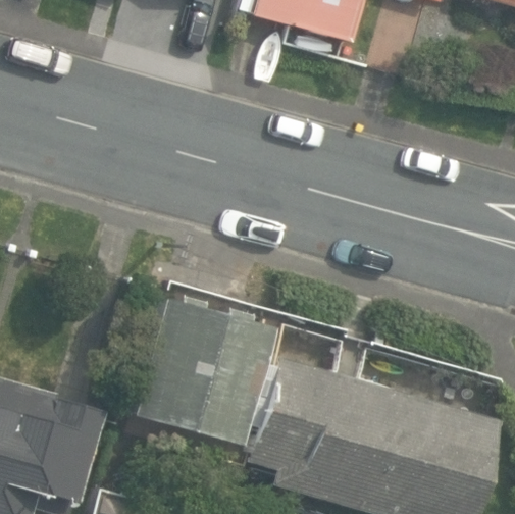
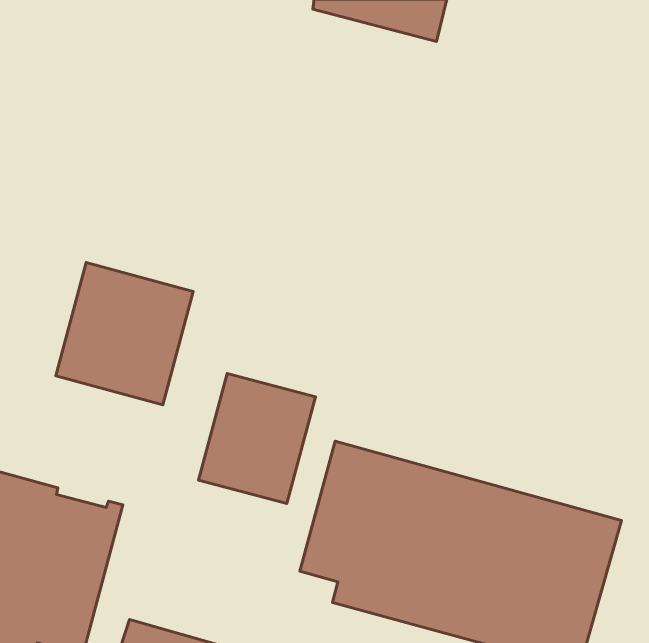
building: none -> [56,263,193,405]

